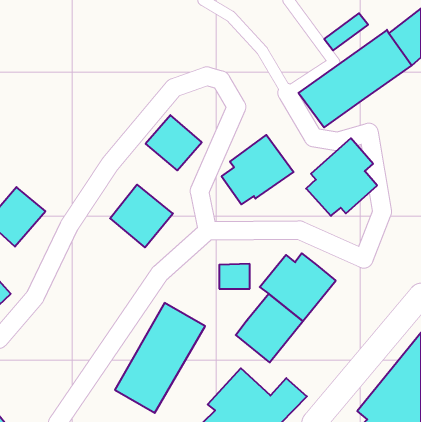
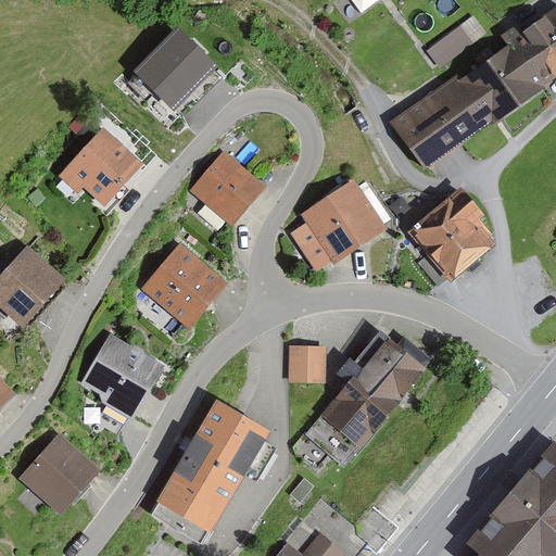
building: none -> [134,26,215,108]
building: none -> [56,126,144,210]
building: none -> [73,330,163,417]
building: none -> [14,426,100,513]

